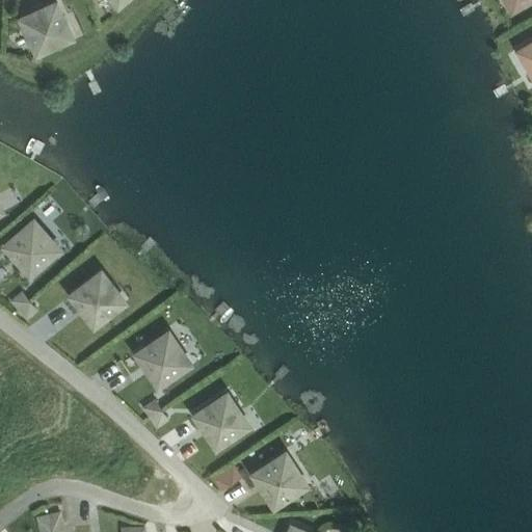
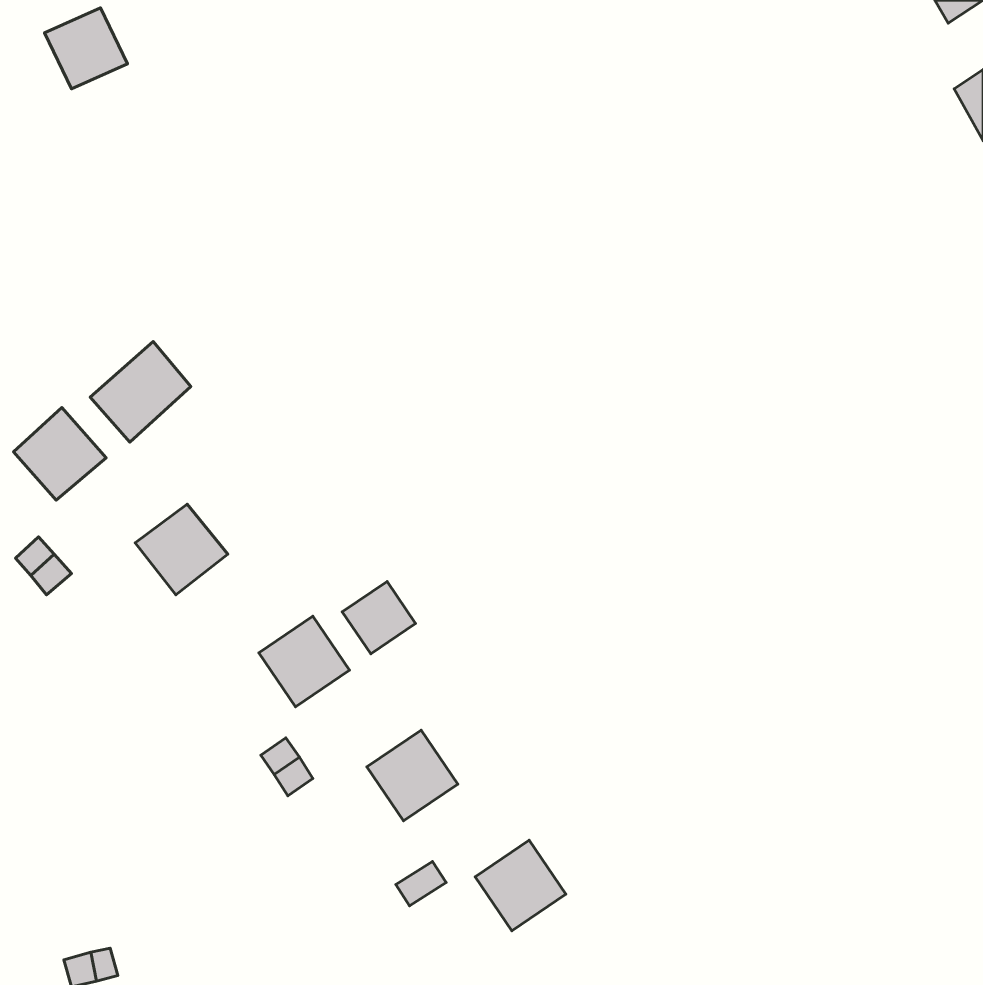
building: none -> [90,341,191,442]
building: none -> [342,581,416,654]

